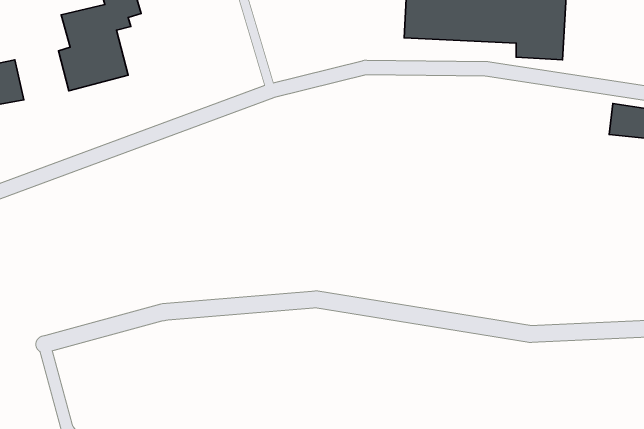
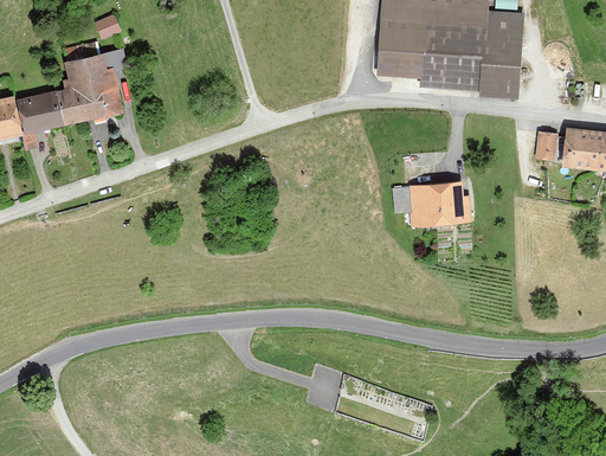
building: none -> [19,88,69,133]
building: none -> [530,131,555,162]
building: none -> [395,181,471,227]

